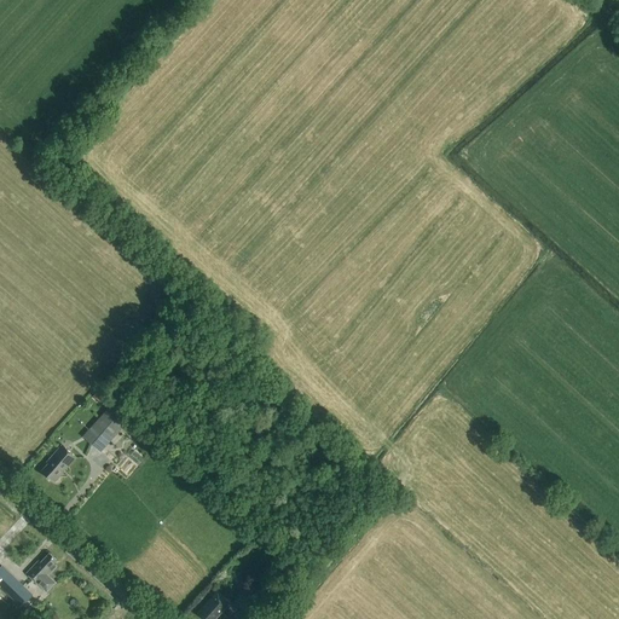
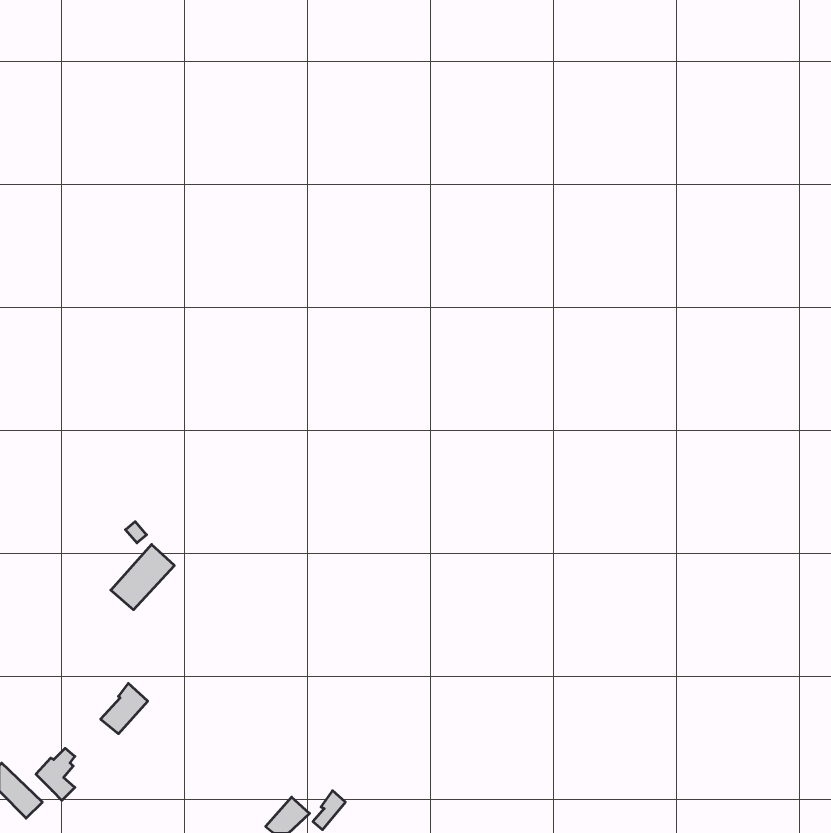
building: [40,445,75,482] -> [101,683,148,734]

